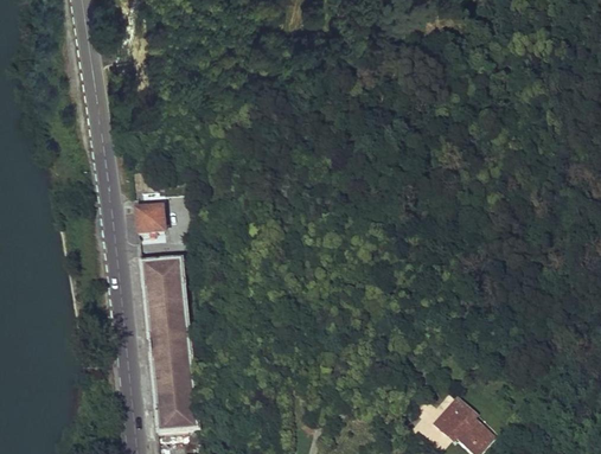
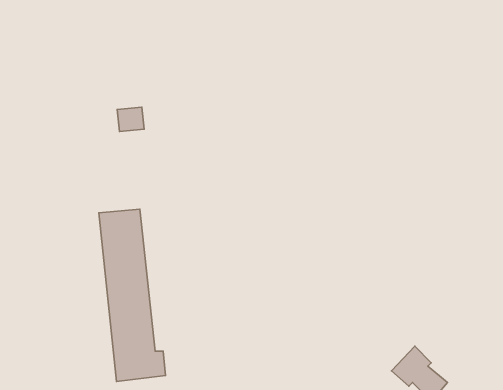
building: [134,205,161,230] -> [117,107,144,132]

